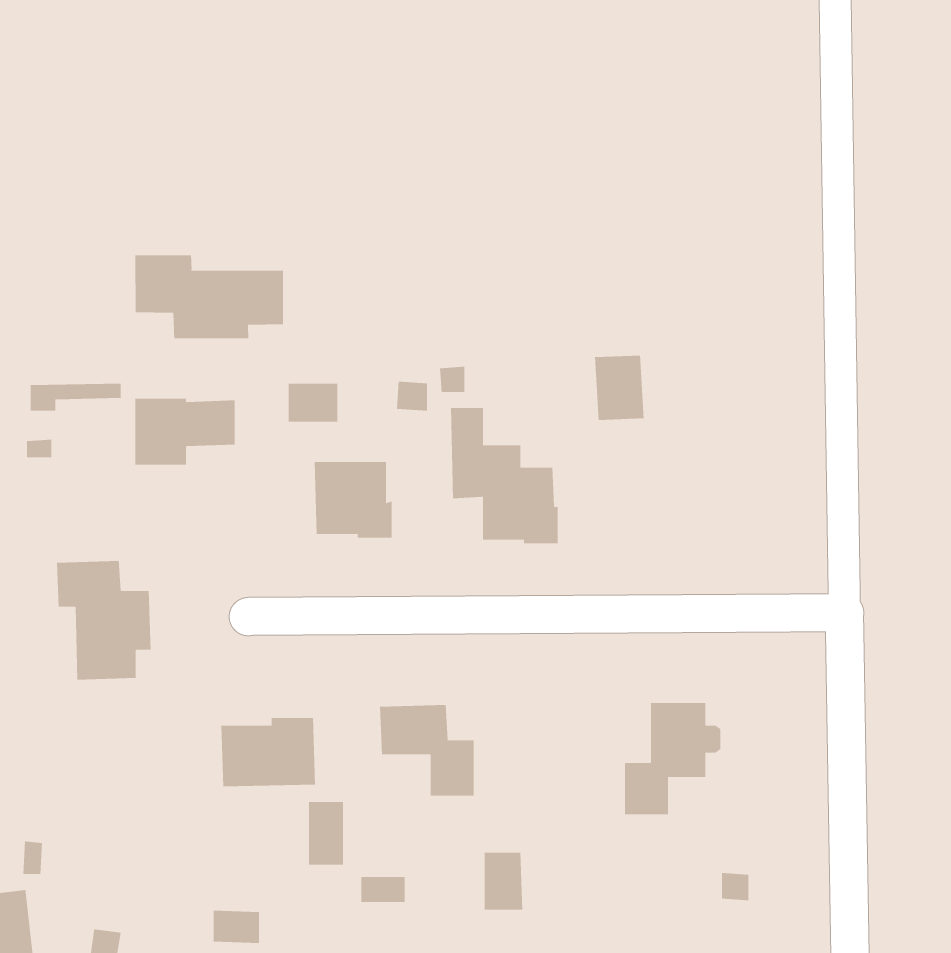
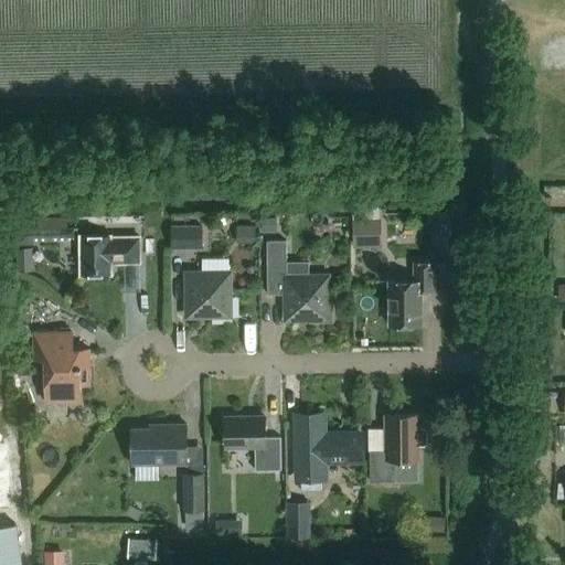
building: [135,254,284,339] -> none
building: none -> [387,264,434,326]
building: none -> [296,416,361,479]

